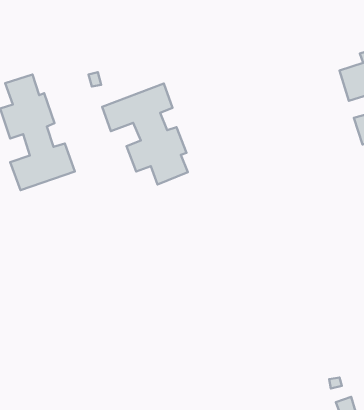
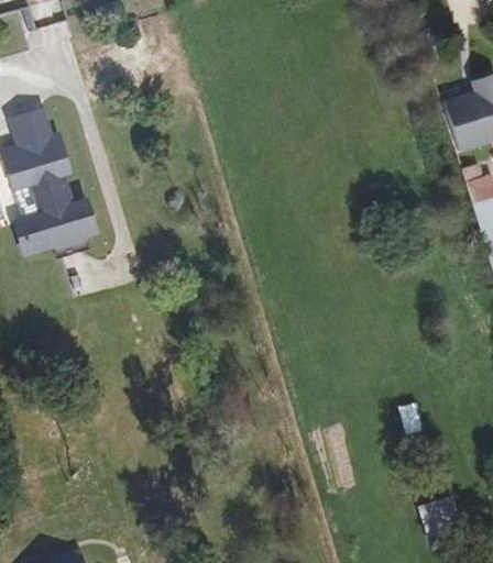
building: [102,83,188,184] -> none

